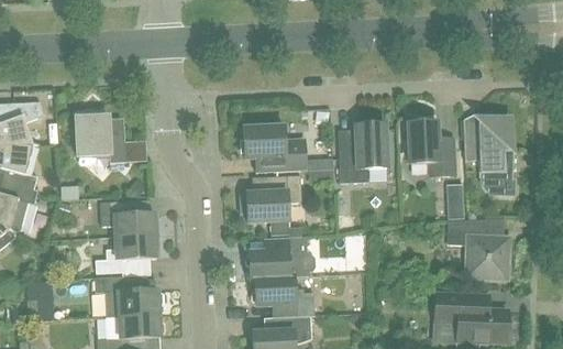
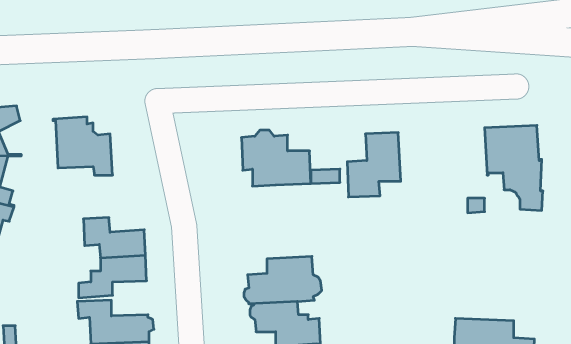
building: [408,116,455,176] -> none
building: [240,175,302,233] -> none
building: [448,219,510,280] -> none

